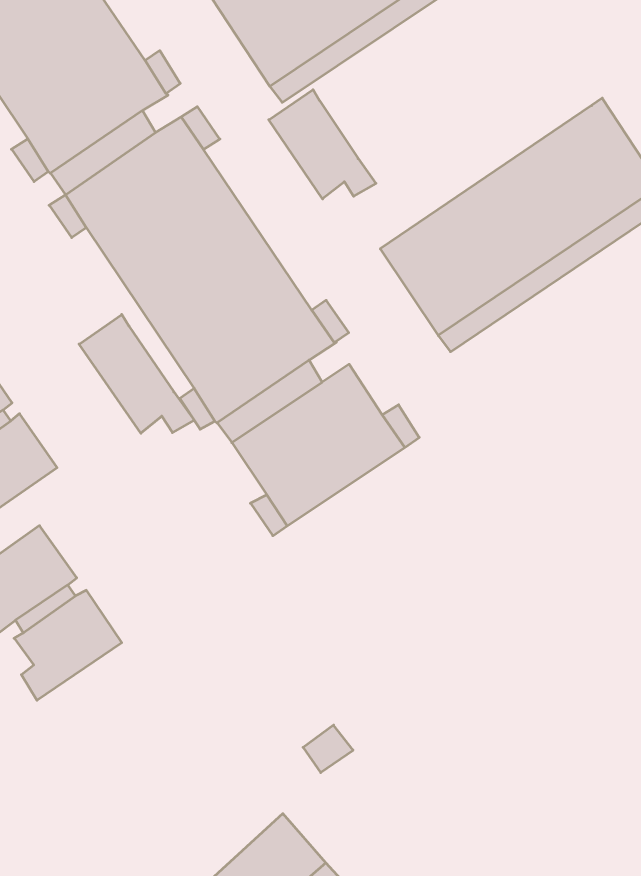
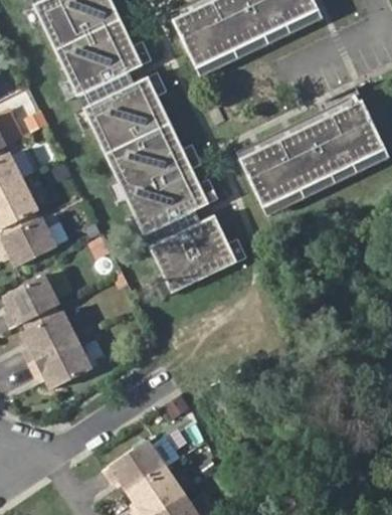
building: [269,90,376,199] -> none
building: [79,314,194,433] -> none
building: none -> [32,339,94,388]

